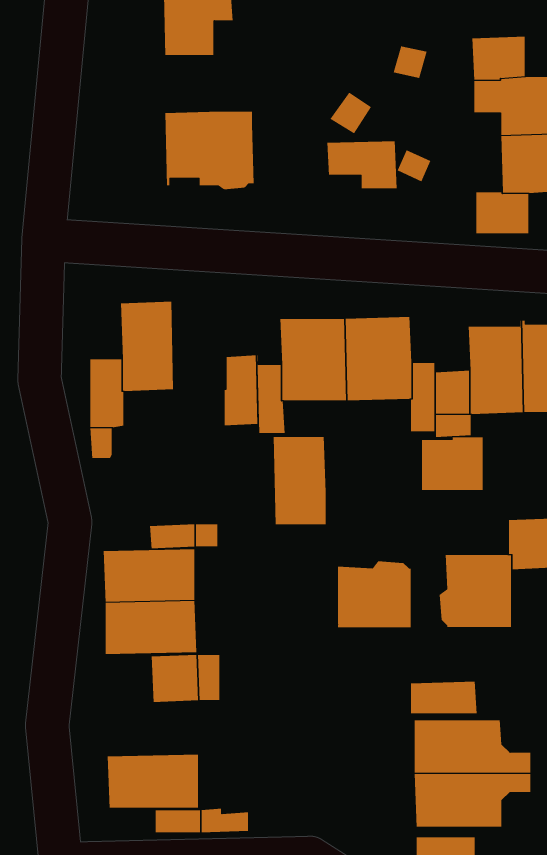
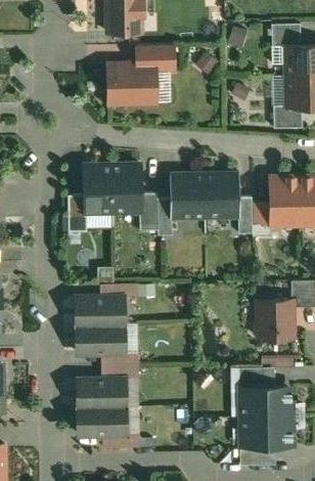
building: [326,141,397,189] -> [136,45,174,71]
building: [421,437,483,491] -> none
building: [273,437,327,525] -> [111,165,140,212]
building: [338,561,411,628] -> none
building: none -> [77,380,126,407]

